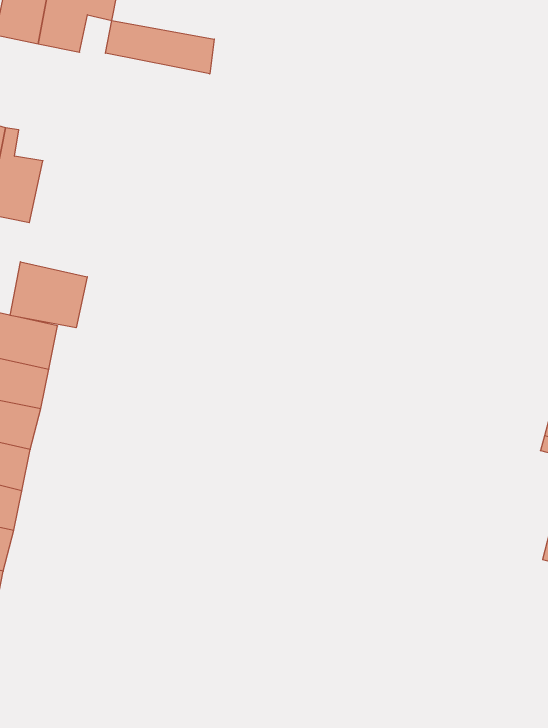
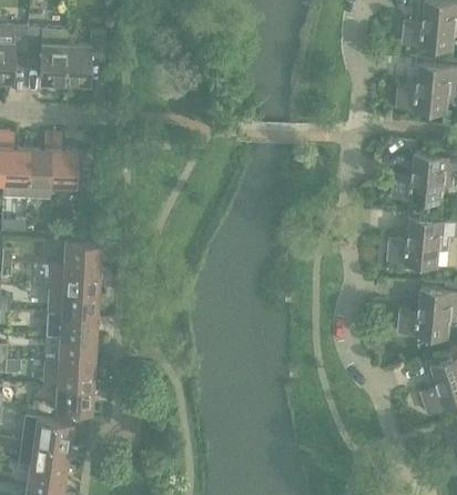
building: [105,20,214,74] -> none
building: [10,262,87,328] -> none

